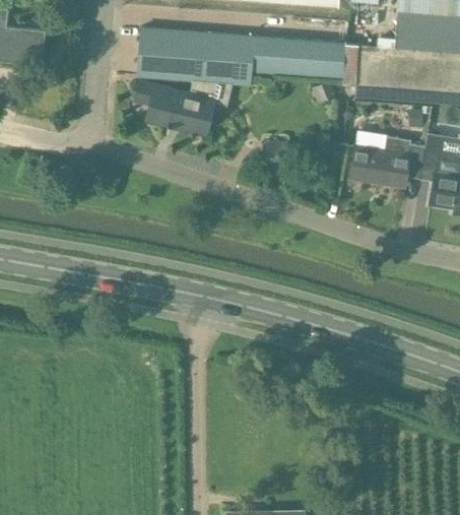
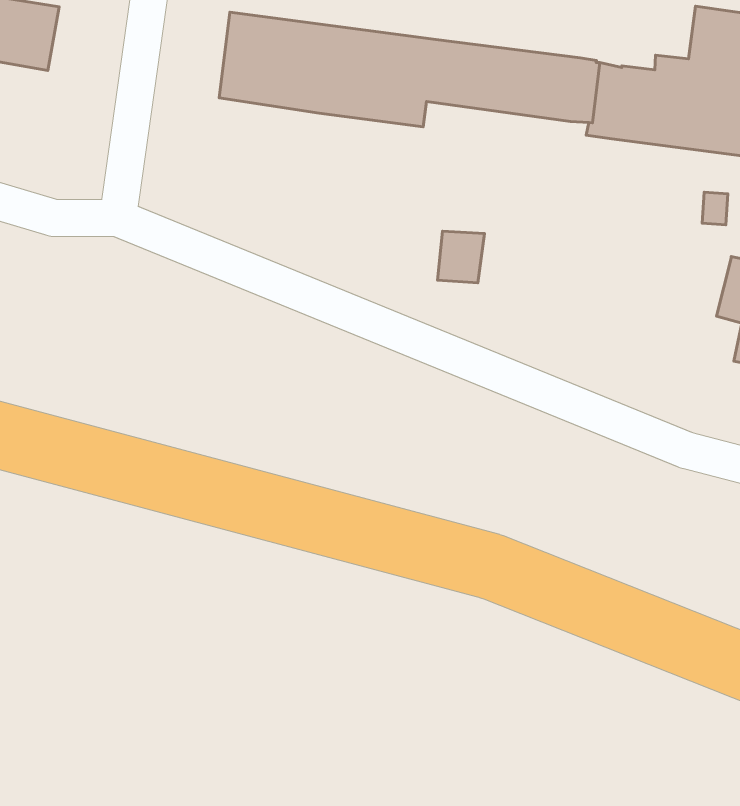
building: [136,81,218,133] -> none
building: [349,137,425,185] -> none

